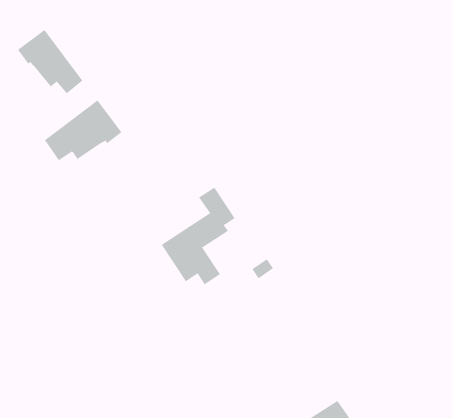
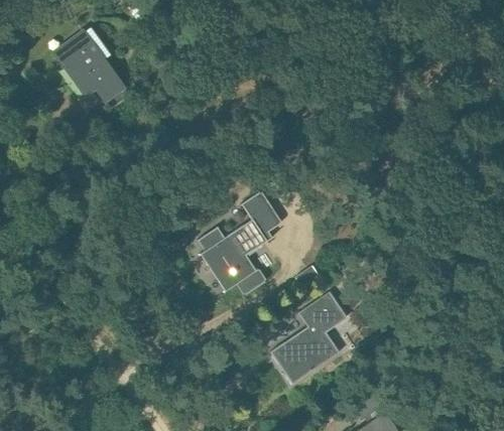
building: [44,100,122,165] -> none
building: none -> [271,292,347,384]

